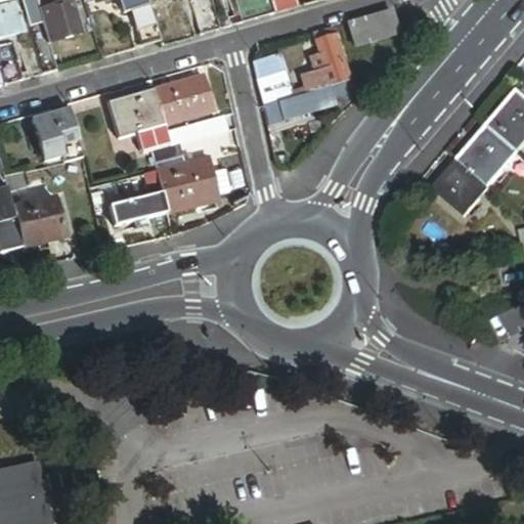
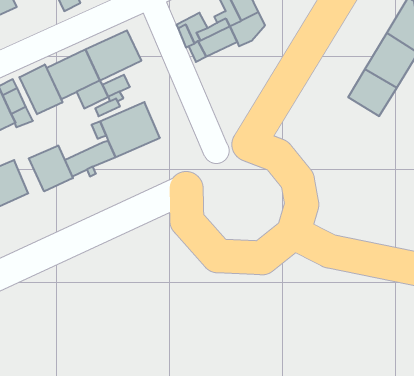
building: none -> [19,64,62,114]
building: none -> [29,145,73,191]

